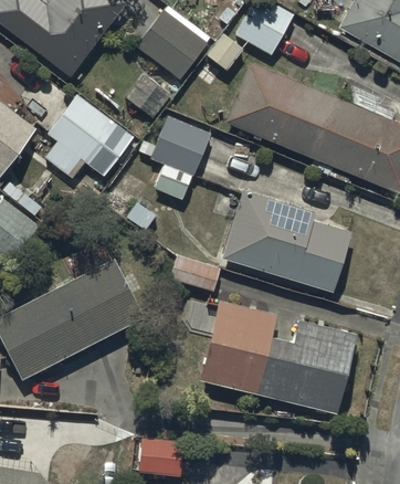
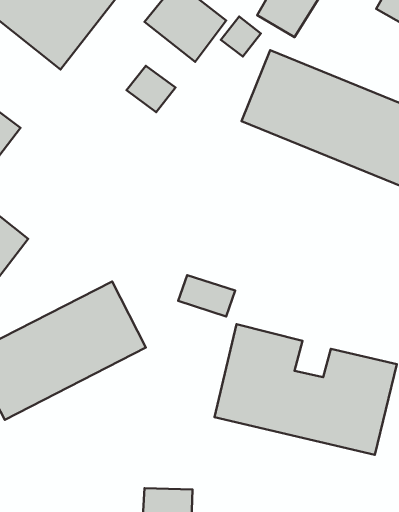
building: [48,96,133,177] -> none
building: [140,116,211,200] -> none
building: [223,192,350,293] -> none

